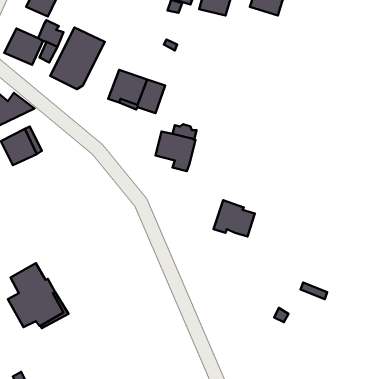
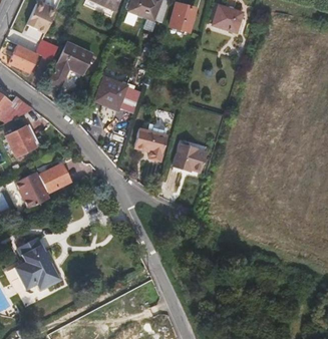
building: none -> [15,162,70,208]
building: [214,200,255,236] -> [172,141,206,172]

